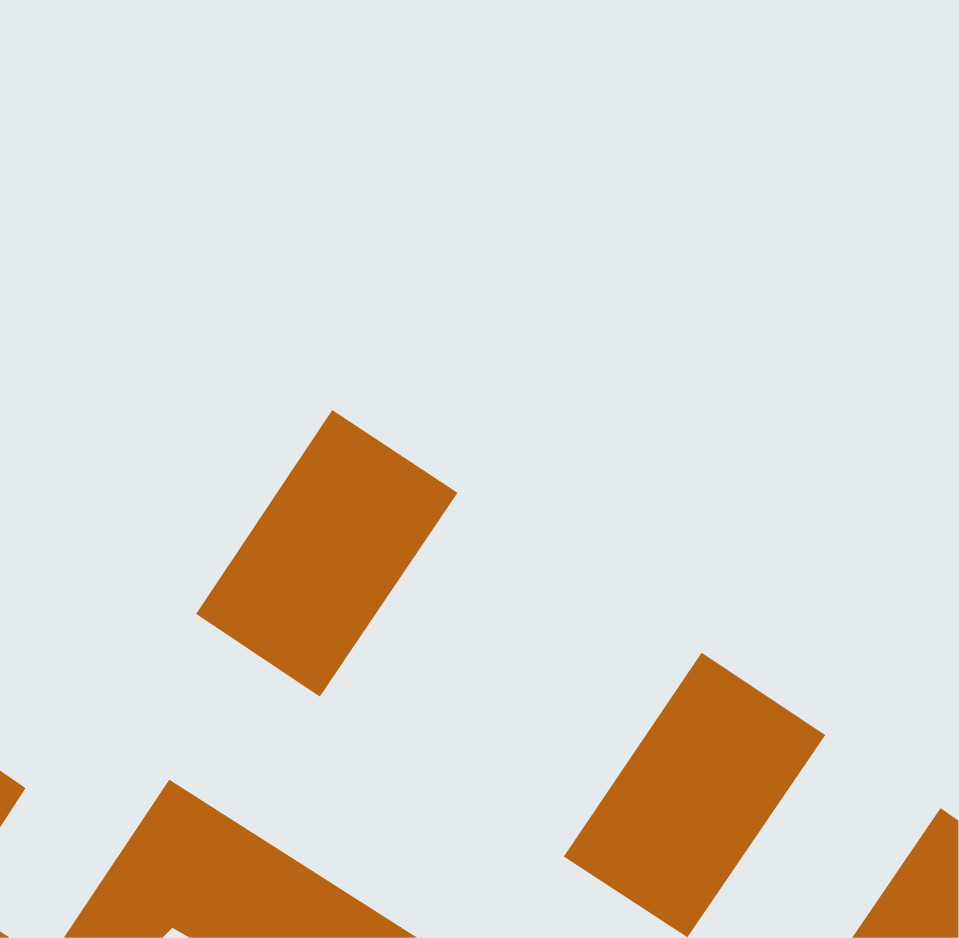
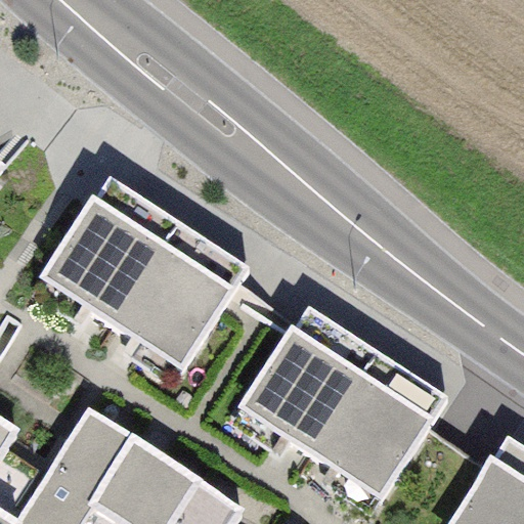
building: none -> [38,176,179,332]
building: none -> [236,307,379,463]

